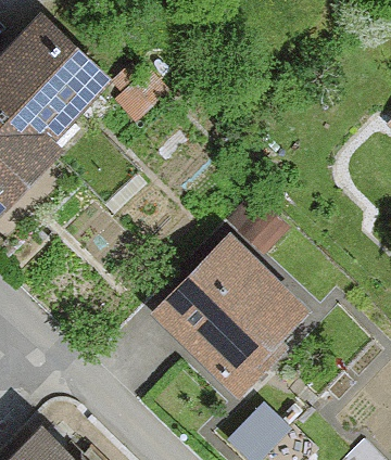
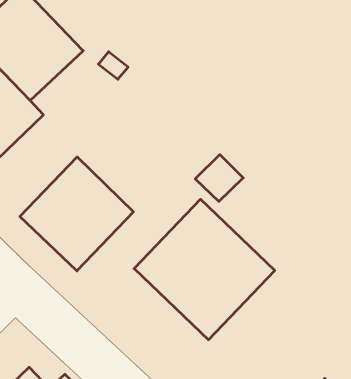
building: none -> [20,157,133,271]

